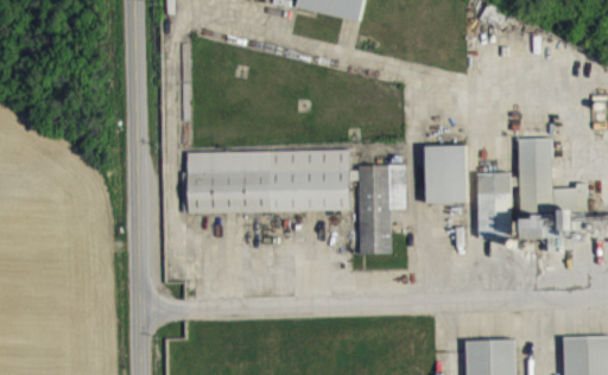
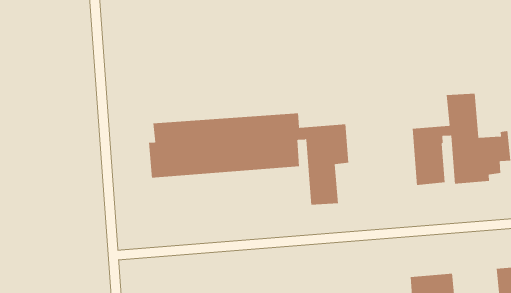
building: [424,145,467,203] -> none

